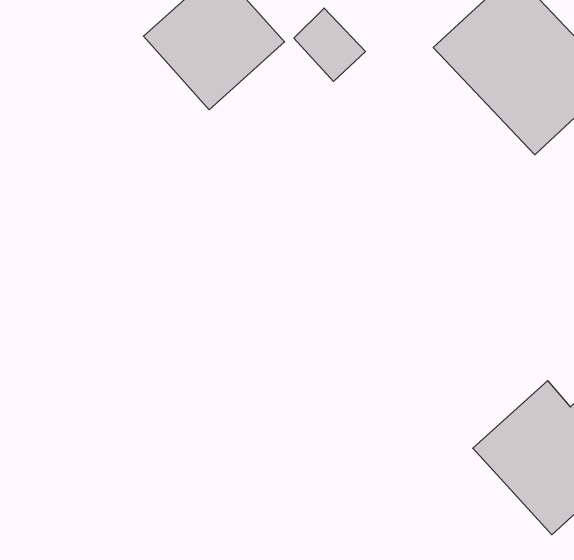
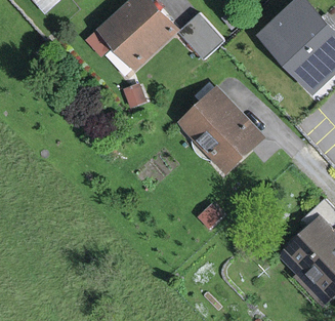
building: none -> [178,86,264,173]

